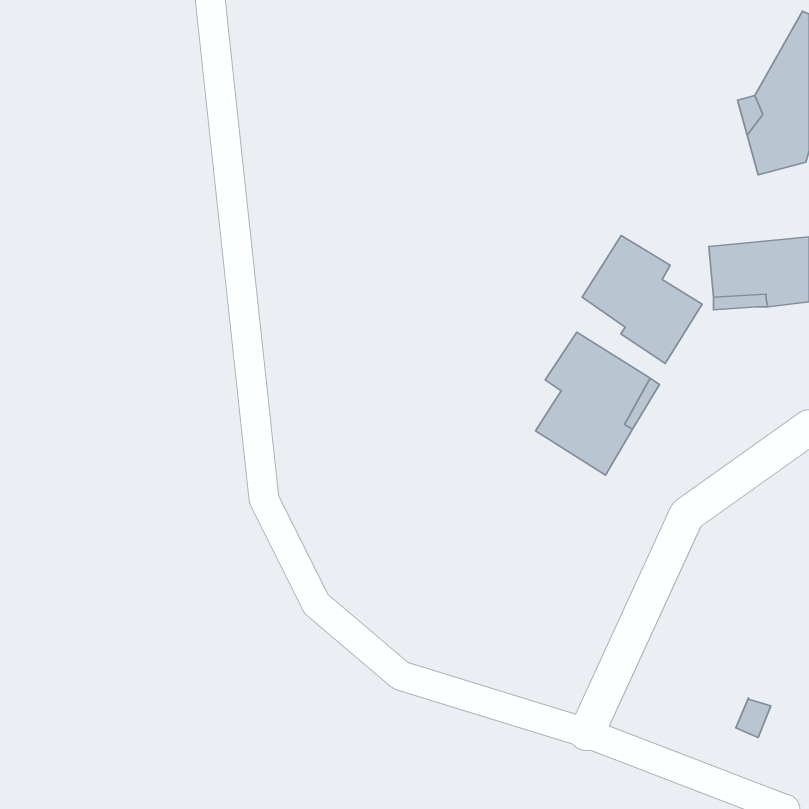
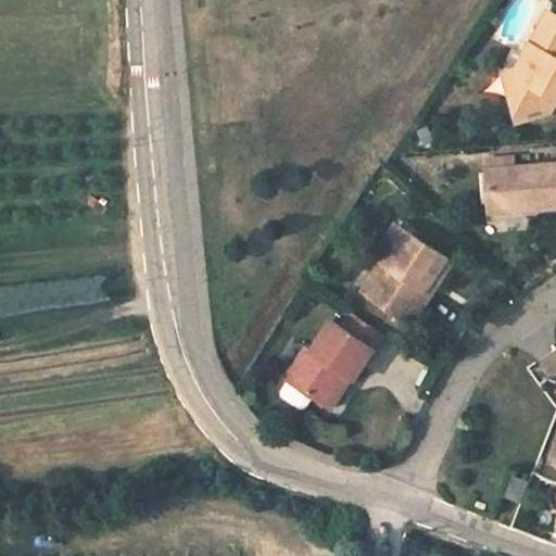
building: [582,236,702,363] -> none
building: none -> [283,325,374,412]

